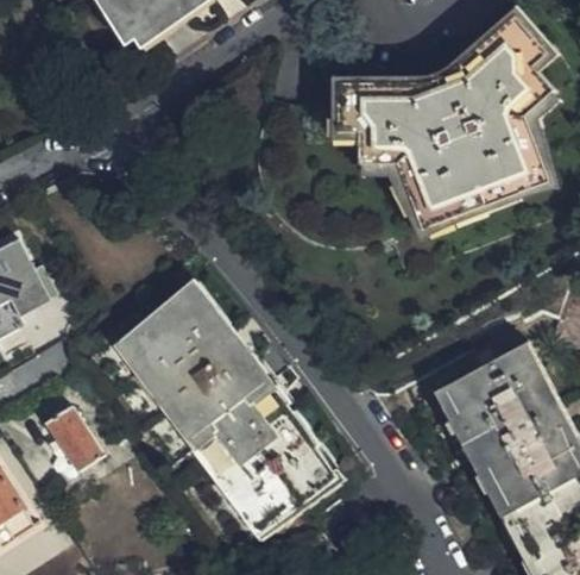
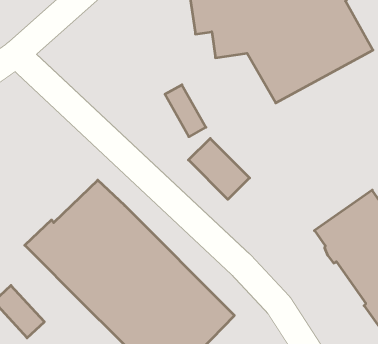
building: none -> [165,85,206,137]
building: none -> [188,138,250,199]

